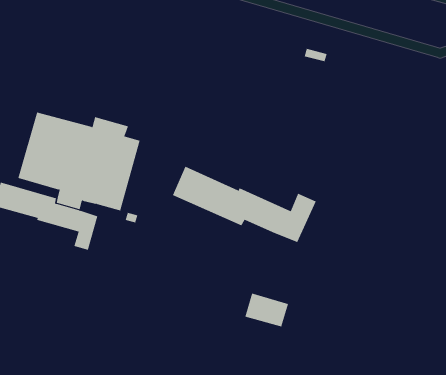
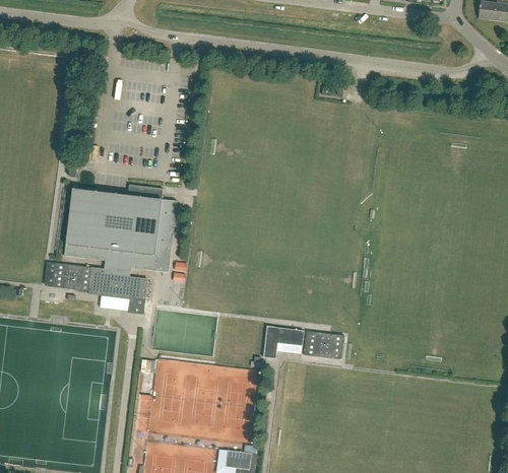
building: [172,166,316,243] -> none
building: none -> [262,325,303,358]

